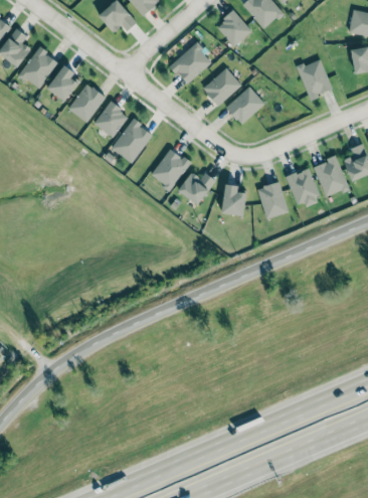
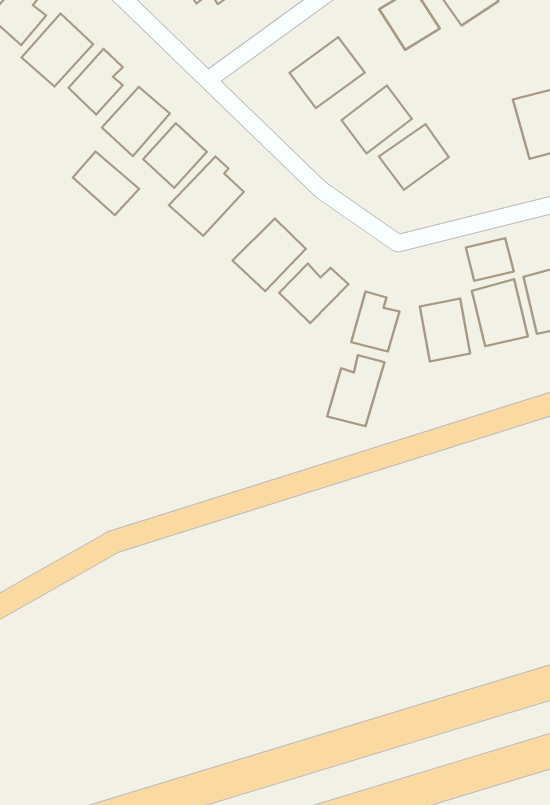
building: none -> [73,152,139,215]
building: none -> [466,238,514,281]
building: none -> [327,355,385,426]

